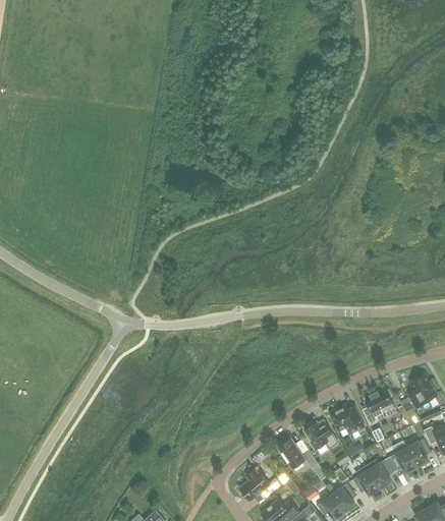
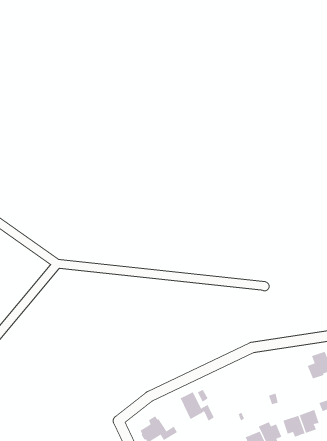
building: [363,387,393,423] -> none
building: [329,404,365,432] -> none
building: [303,422,337,449] -> none

